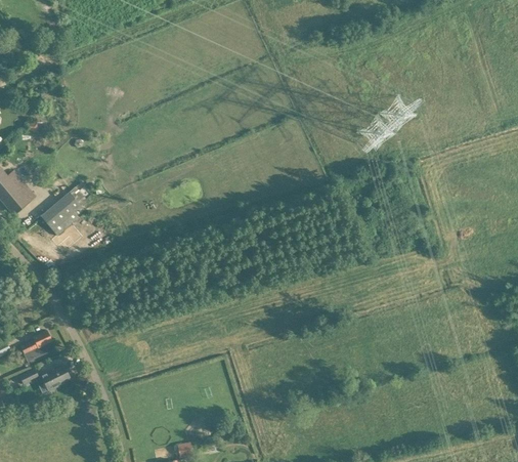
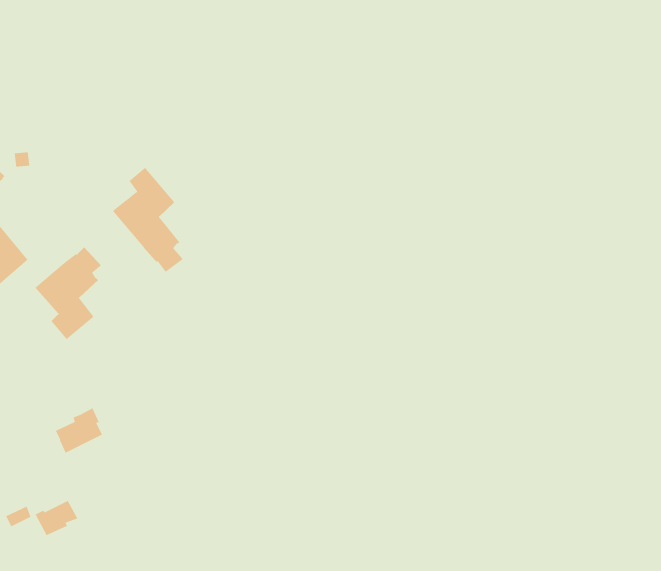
building: none -> [112,167,184,273]
building: [20,330,54,363] -> [55,407,103,454]

